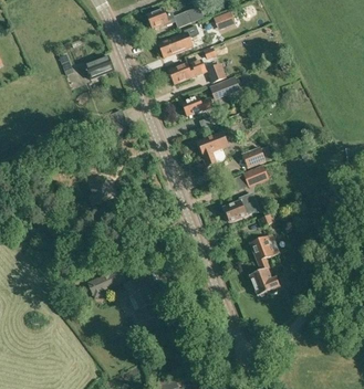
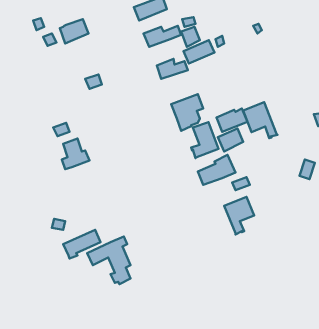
building: none -> [243,102,277,138]
building: none -> [191,122,219,158]
building: [249,267,280,295] -> none

